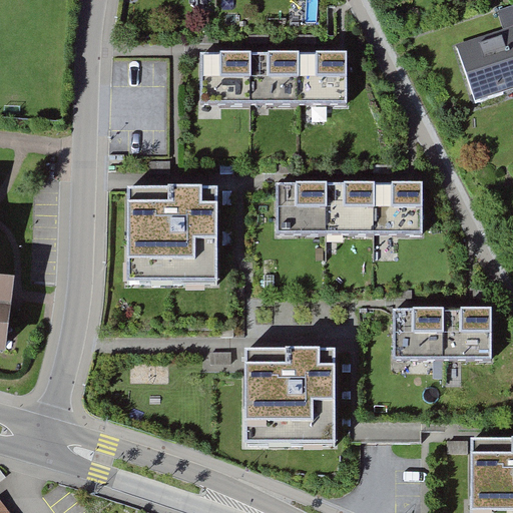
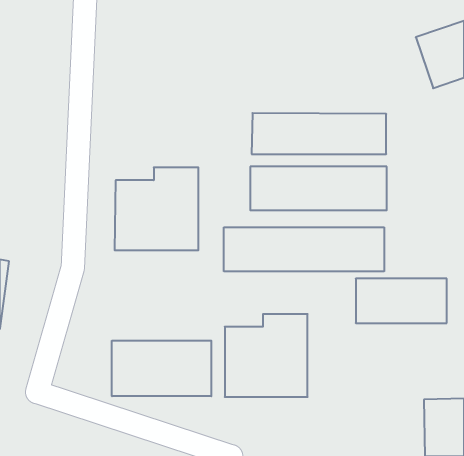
building: [200,55,349,100] -> [252,113,386,154]
building: none -> [224,227,384,271]
building: none -> [112,341,211,396]

